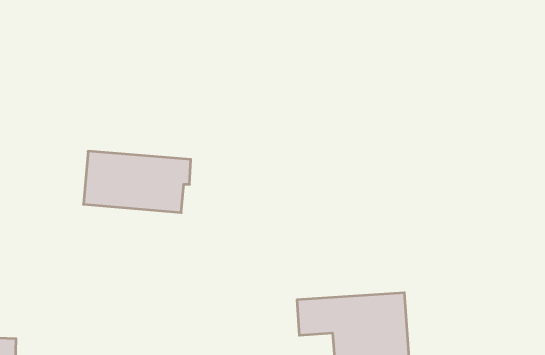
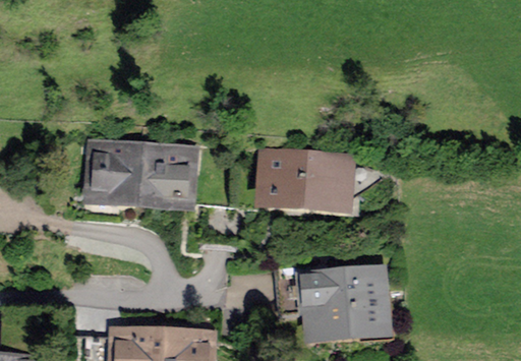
building: none -> [269,157,343,204]

